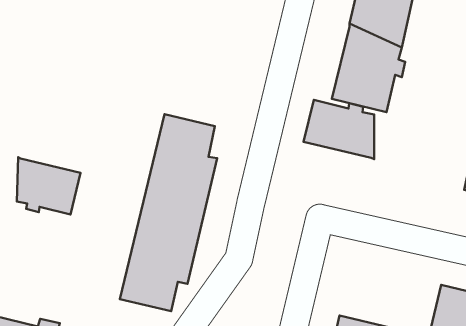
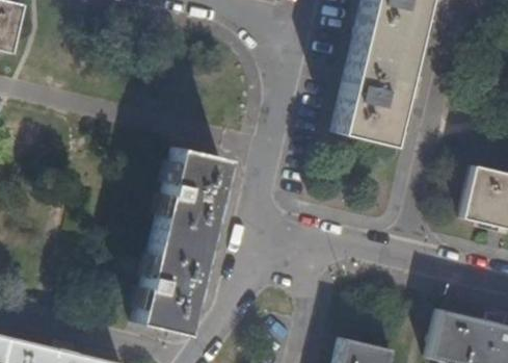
building: [304,100,374,159] -> none
building: [17,157,81,215] -> none

